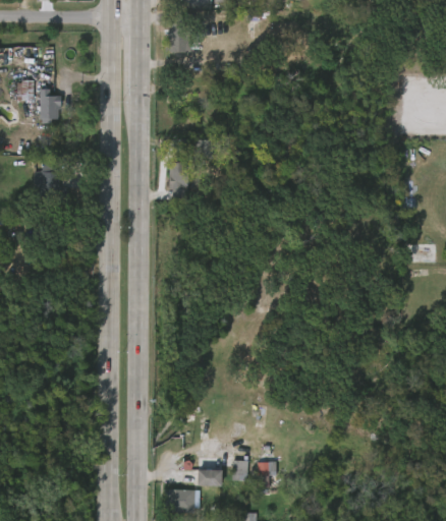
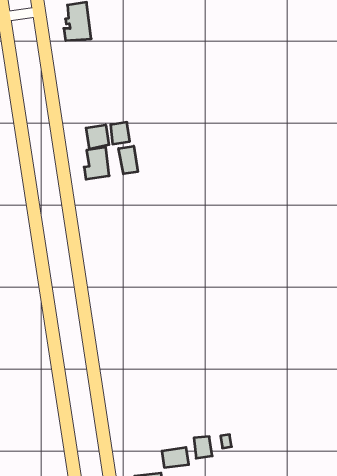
building: none -> [86,125,109,149]
building: none -> [119,146,138,174]

